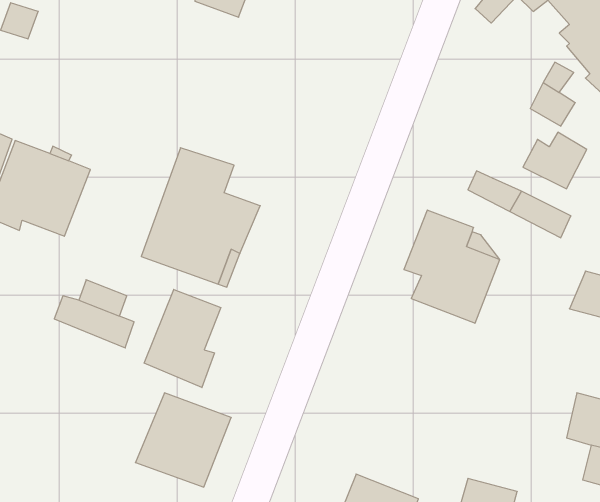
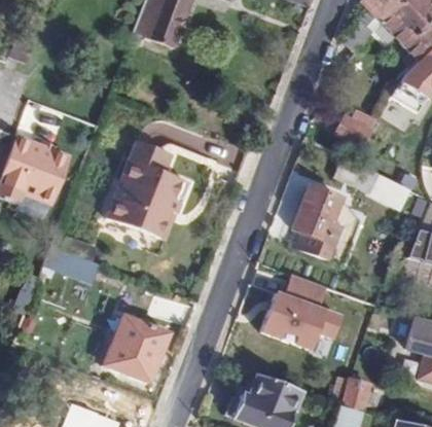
building: [523,132,587,189] -> [332,108,377,148]
building: [144,289,221,388] -> none
building: none -> [257,272,339,353]

